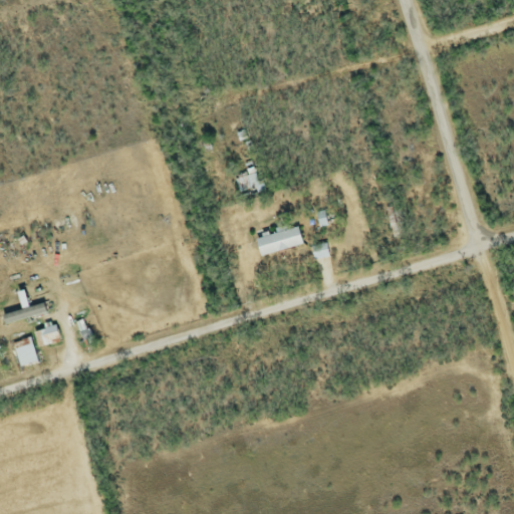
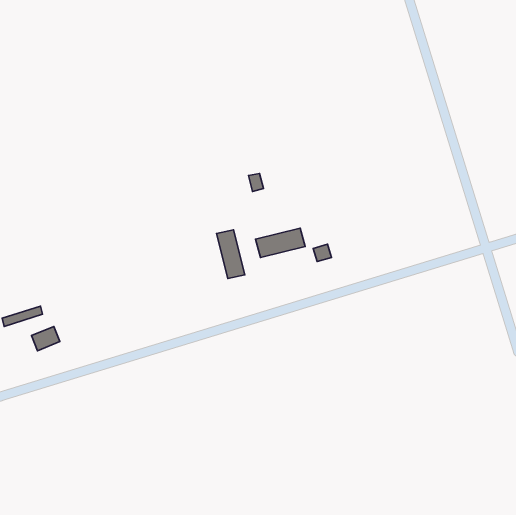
building: none -> [217,230,245,278]
building: [13,336,38,366] -> none

